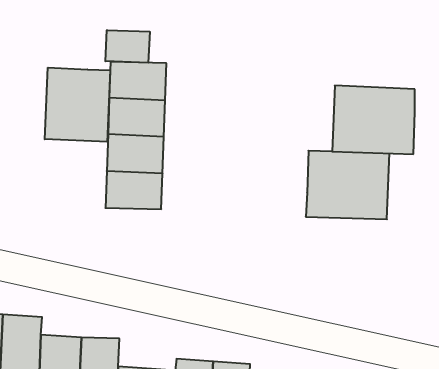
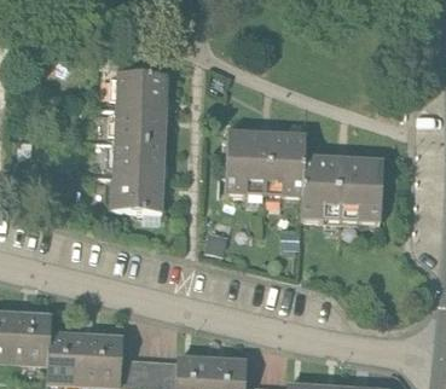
building: [105,30,150,63] -> none
building: [45,68,110,142] -> none
building: [332,86,415,154] -> [225,129,303,194]

